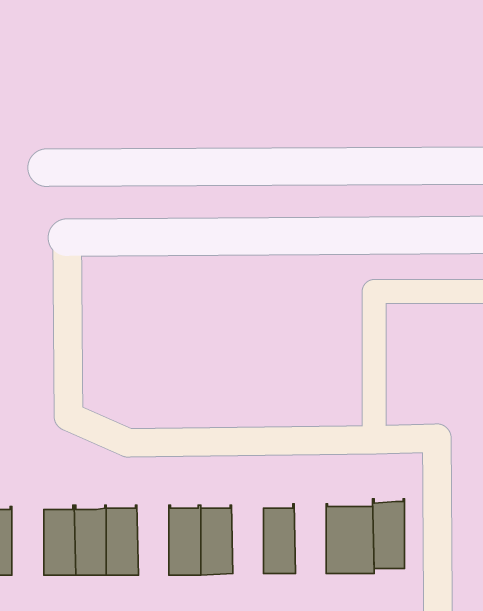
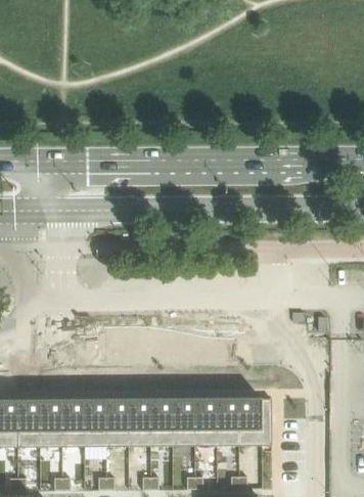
building: [373,499,405,569] -> [219,395,241,444]
building: none -> [175,395,197,444]
building: none -> [108,396,131,445]
building: none -> [20,397,43,445]

